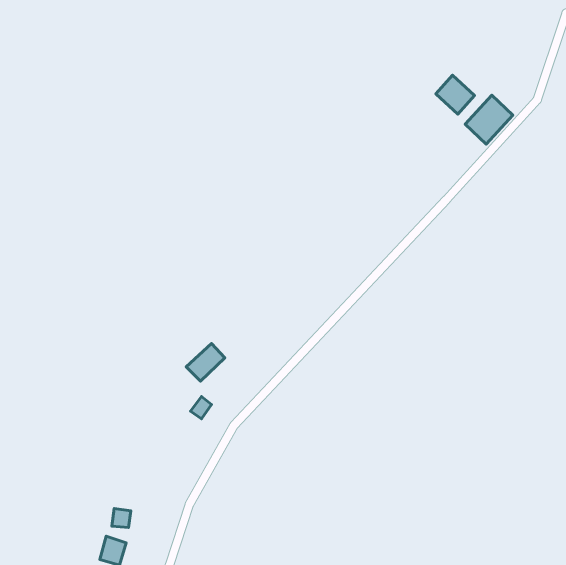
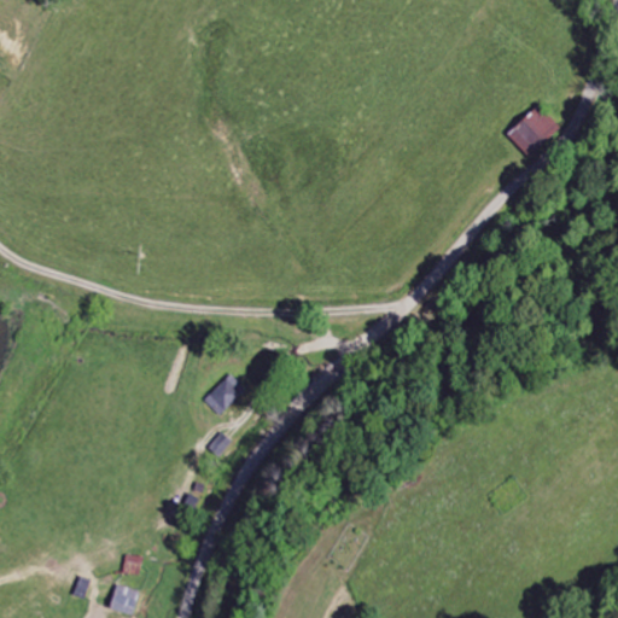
building: [436,75,474,114] -> none

